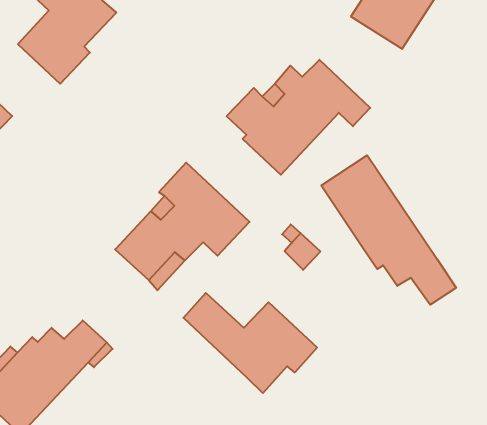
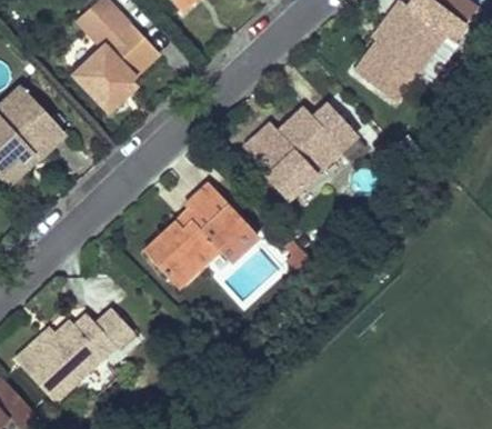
building: [321,155,456,305] -> none
building: [183,293,317,393] -> none

